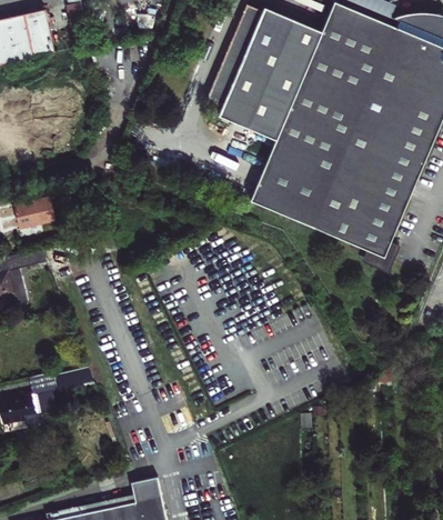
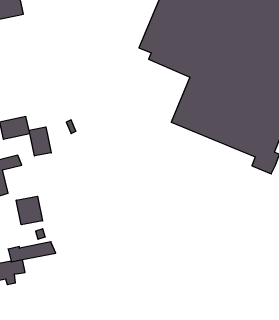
building: none -> [29,127,51,156]
building: none -> [16,196,43,225]

